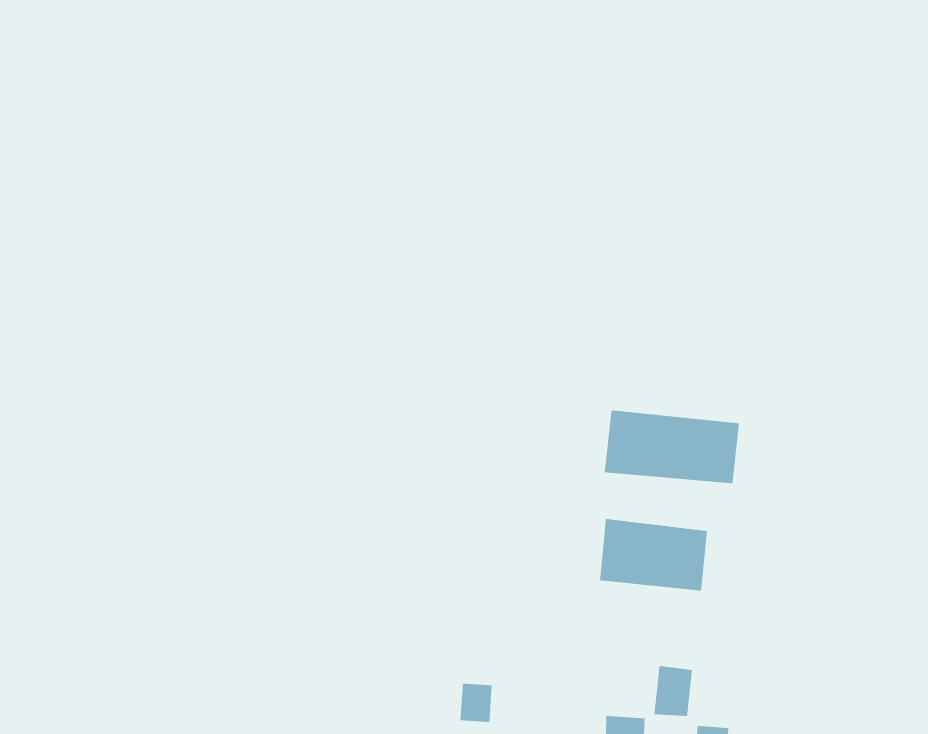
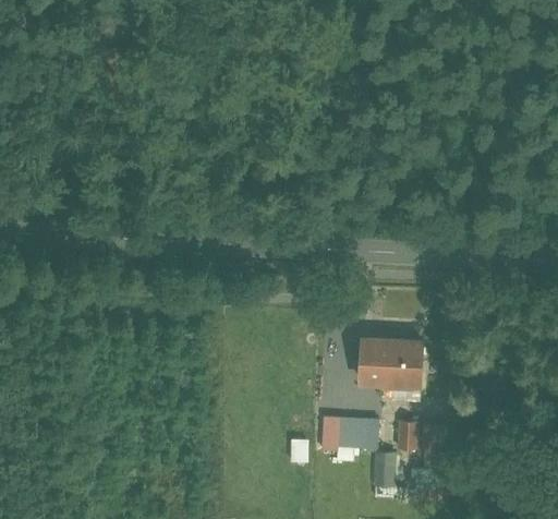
building: [604,409,740,484] -> none
building: none -> [322,417,378,447]

